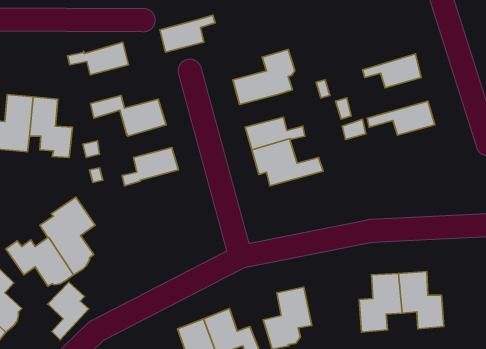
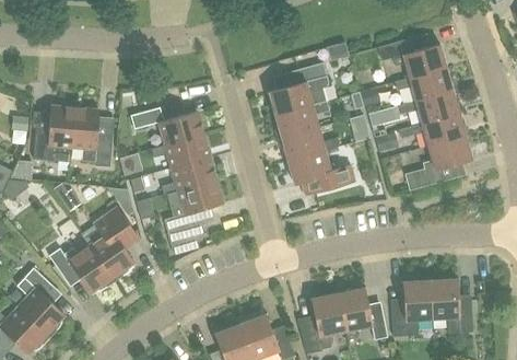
building: [160,15,215,52] -> [275,102,329,138]
building: none -> [377,40,446,78]
building: [68,42,129,75] -> [151,136,210,167]
building: none -> [397,90,458,123]
building: none -> [406,136,471,190]
building: none -> [164,179,223,245]
building: none -> [338,288,388,340]
building: [48,282,89,340] -> none

